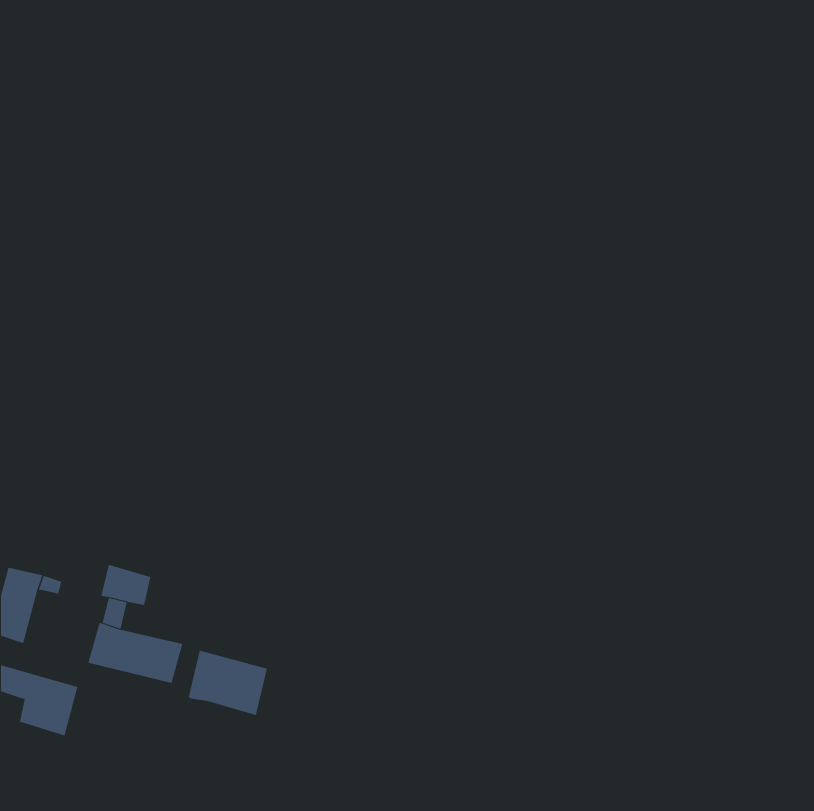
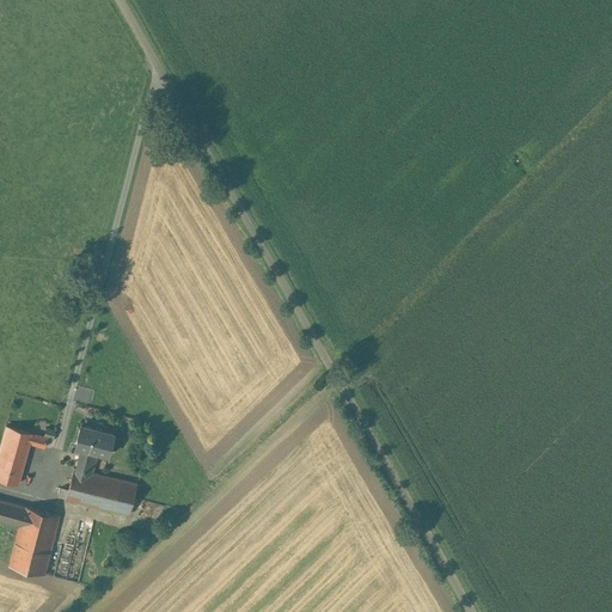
building: [188,650,268,716] -> none
building: none -> [8,544,49,576]

